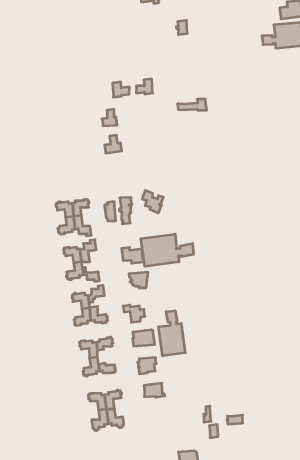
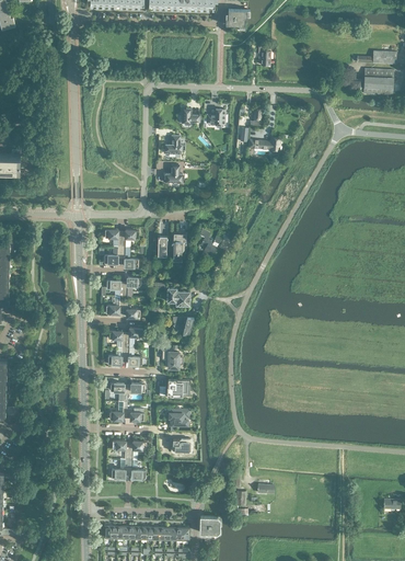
building: [141,234,194,266] -> none
building: [159,311,185,356] -> none

